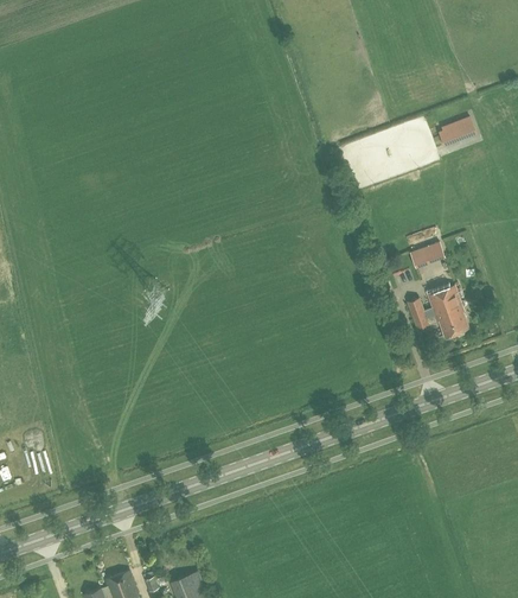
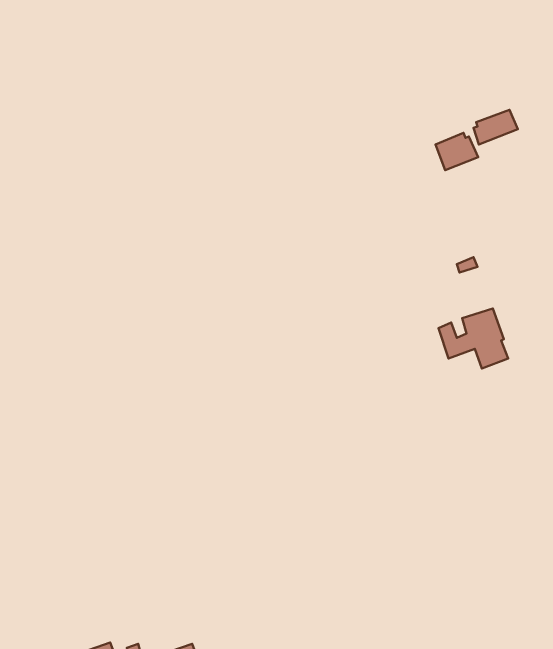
building: none -> [436,133,478,170]

